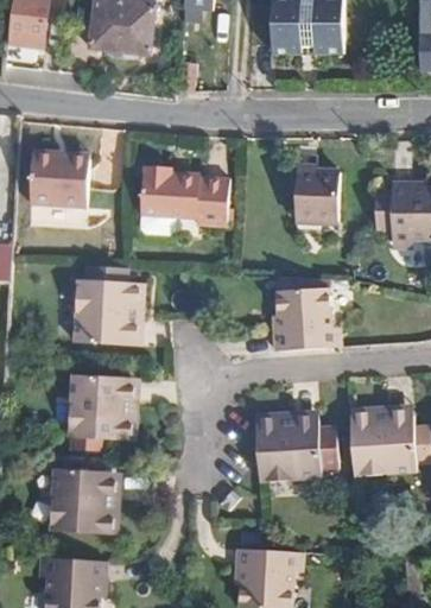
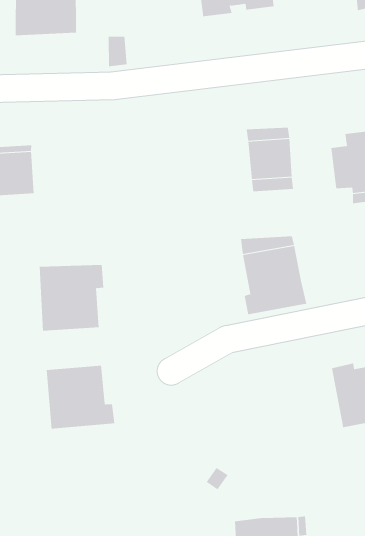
building: [137,170,227,224] -> none
building: [256,417,321,479] -> none
building: [55,471,118,537] -> none

